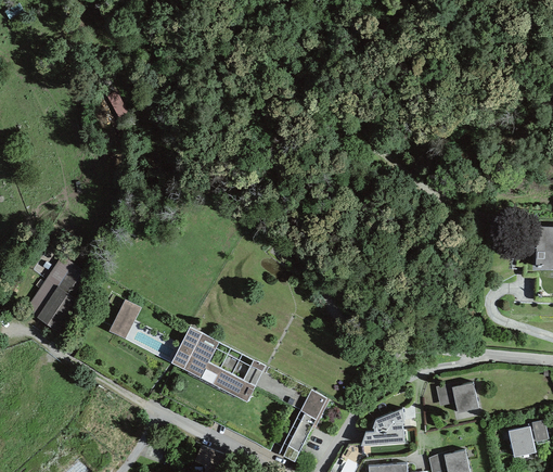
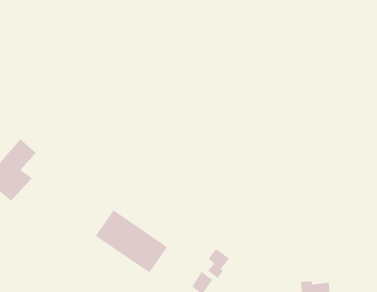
building: [110,301,141,340] -> none
building: none -> [207,248,230,279]

